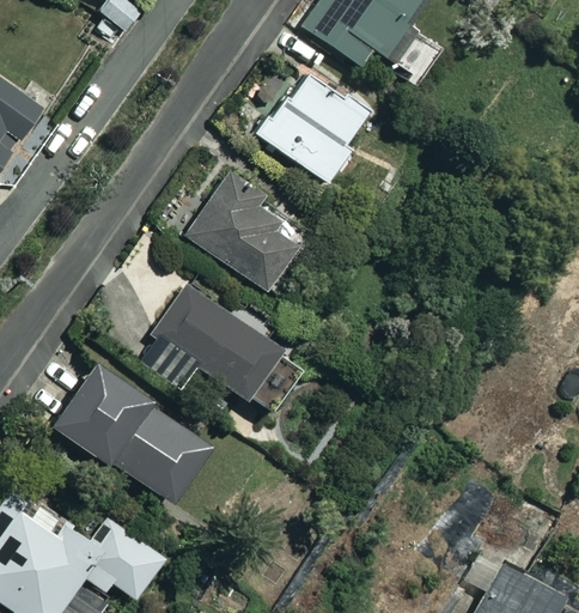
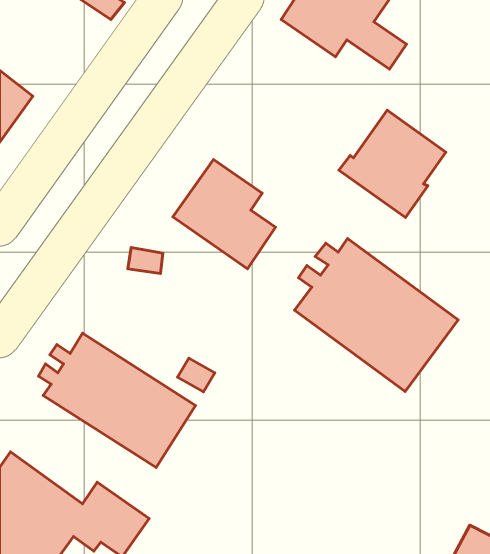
building: [255,68,368,182] -> [339,110,446,218]
building: none -> [294,238,458,392]
building: [152,285,293,401] -> none

